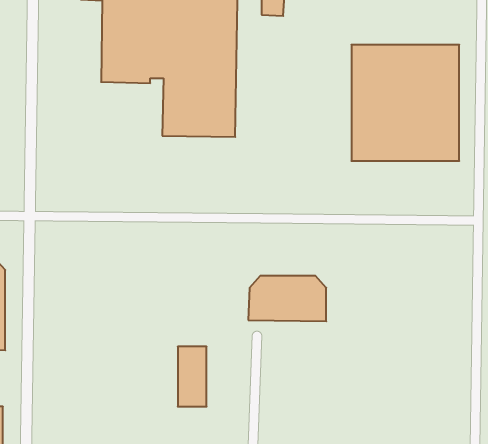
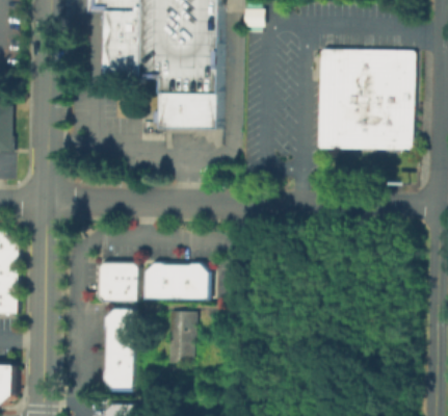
building: [248,276,326,321] -> [140,259,208,298]
building: none -> [93,259,136,304]
building: none -> [104,307,134,389]

